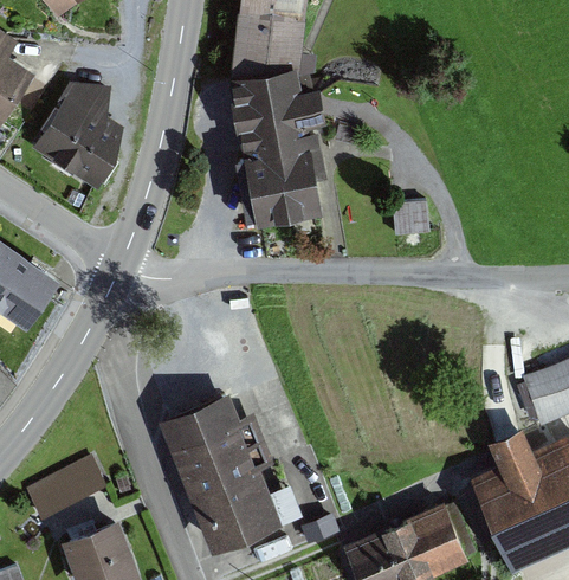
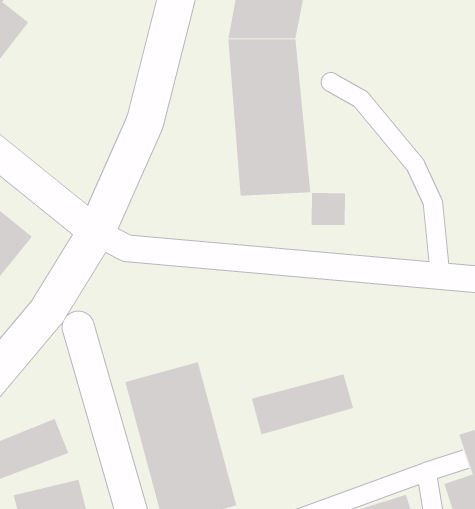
building: [28,83,134,187] -> none
building: [392,204,428,238] -> [311,193,346,225]
building: none -> [251,374,354,435]

